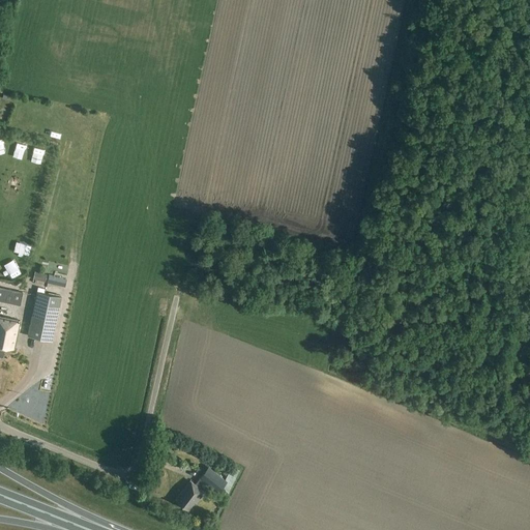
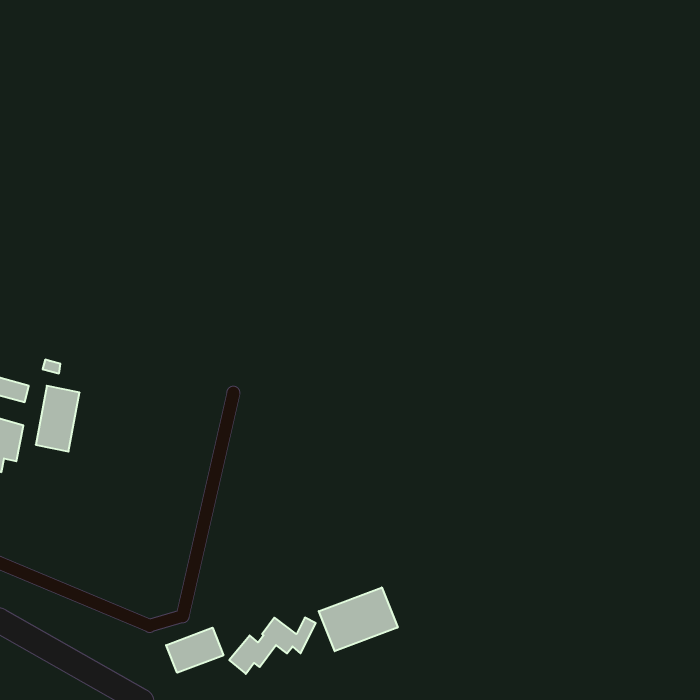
building: none -> [319,587,398,651]
building: none -> [166,628,223,673]

